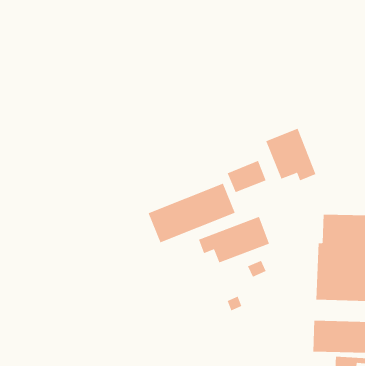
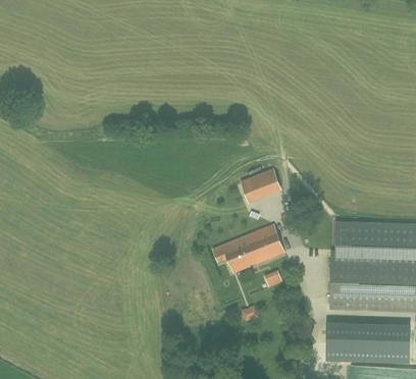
building: [266,128,316,181] -> none
building: [148,183,235,243] -> none

